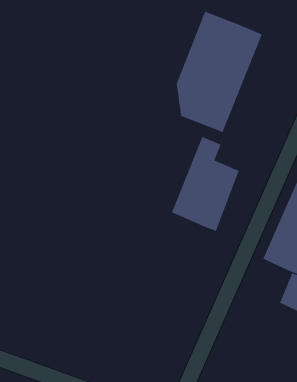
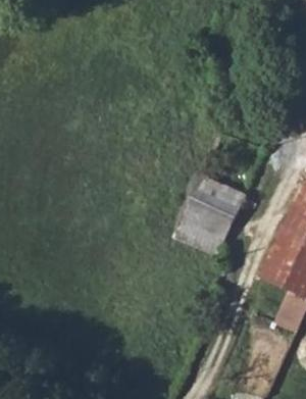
building: [176,11,263,133] -> none

